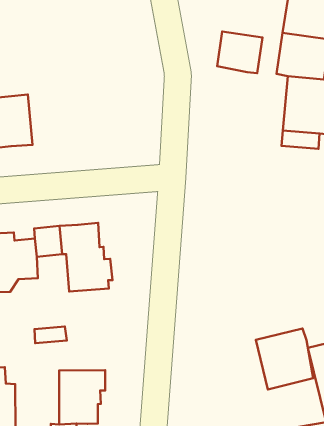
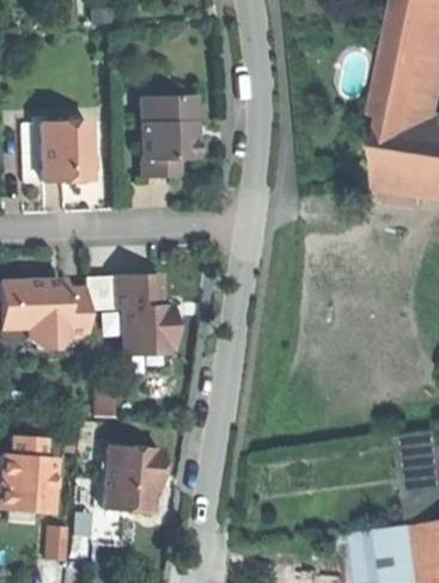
building: [217,31,262,73] -> none
building: none -> [135,97,191,178]
building: [256,328,313,390] -> none

